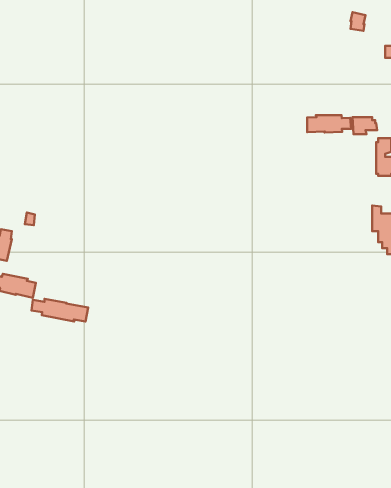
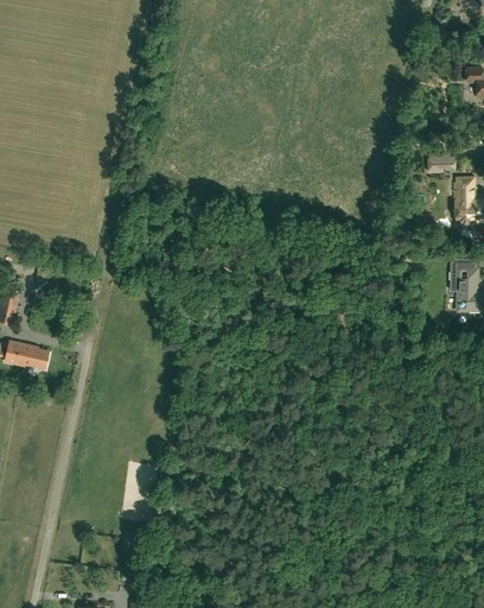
building: [307,115,351,133] -> none
building: [32,299,88,322] -> none

